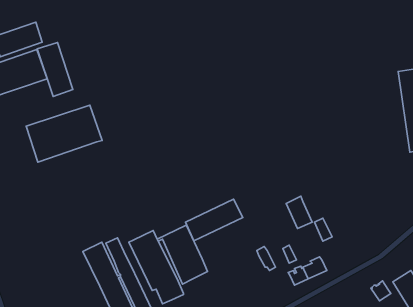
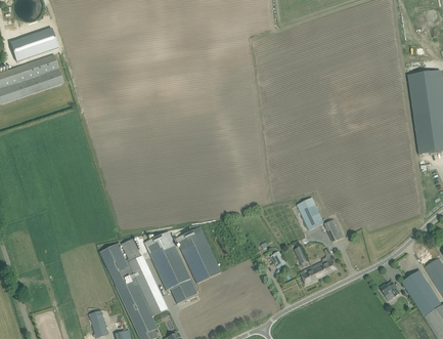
building: [37,42,73,97] -> none
building: [26,105,102,162] -> none
building: [185,199,243,241] -> none

